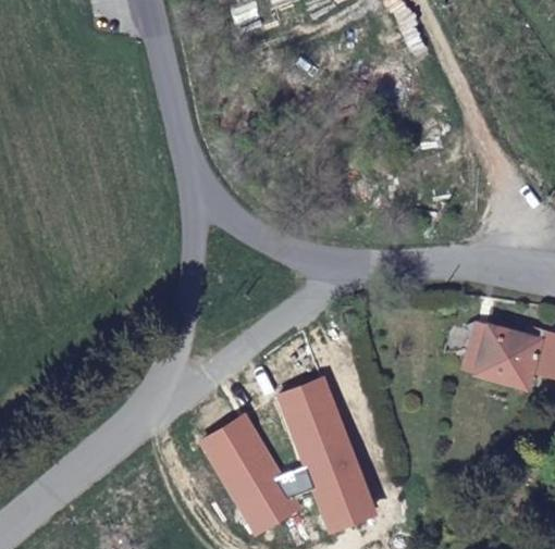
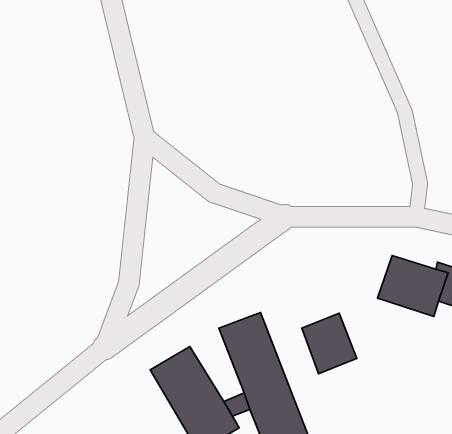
building: none -> [302,313,357,374]

